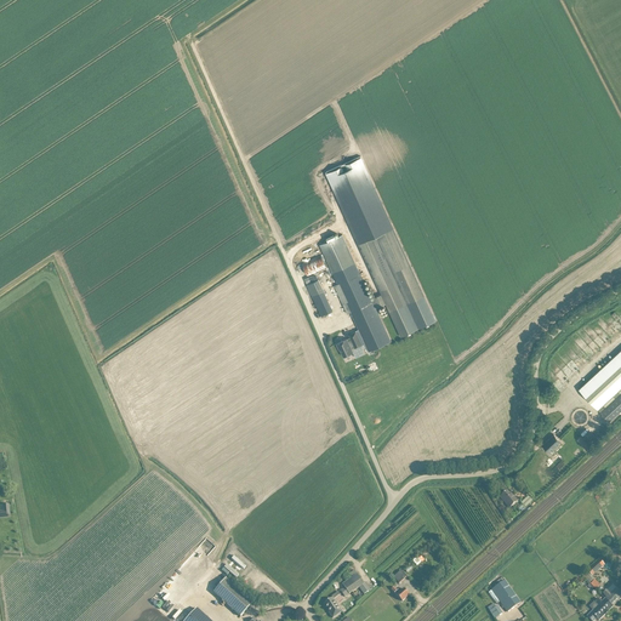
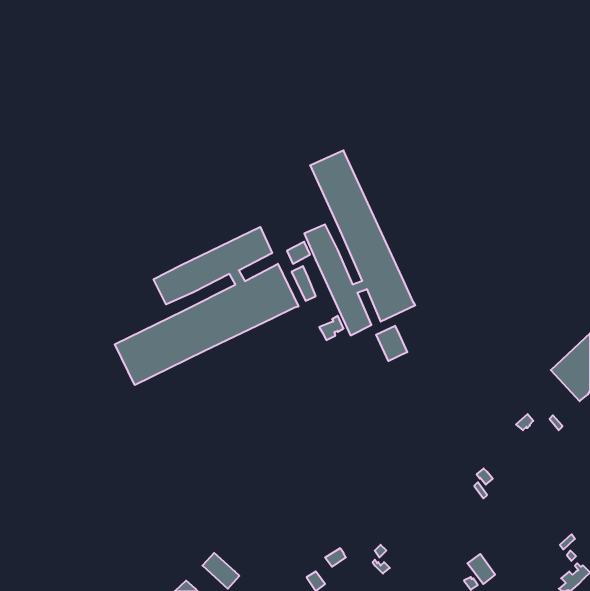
building: none -> [115,227,298,385]
building: none -> [376,326,407,361]

